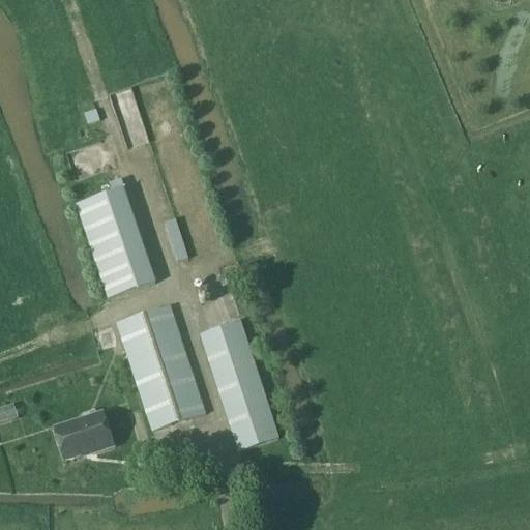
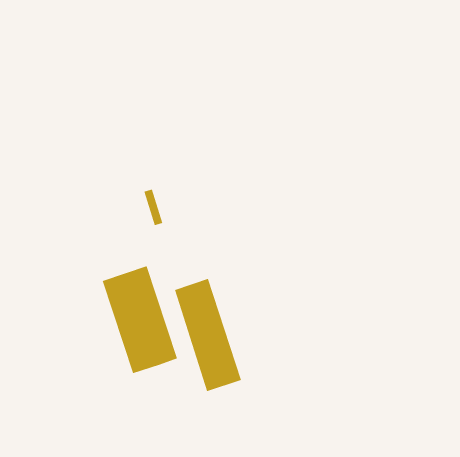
building: [76,186,154,296] -> none
building: [54,409,112,458] -> none

